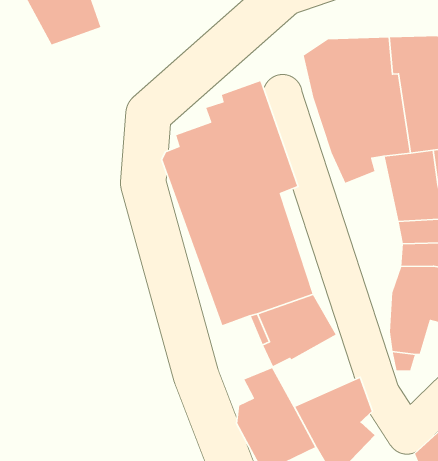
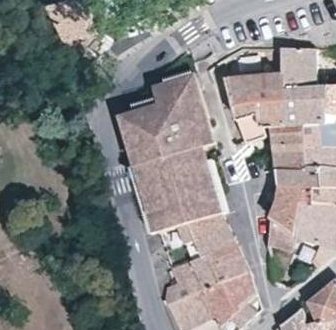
building: none -> [189,242,247,288]

